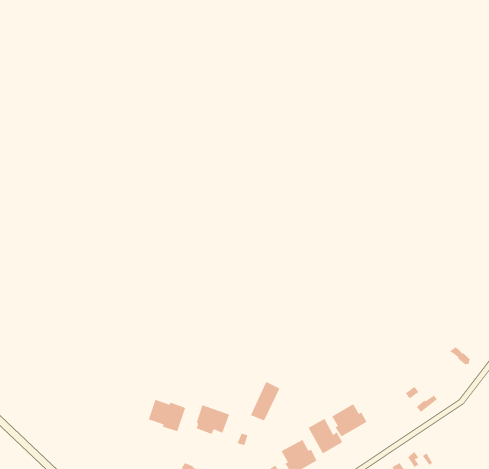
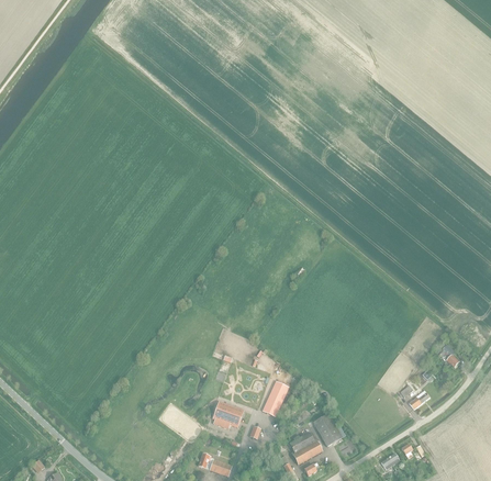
building: [148,399,186,432] -> none
building: [331,403,368,437] -> none

